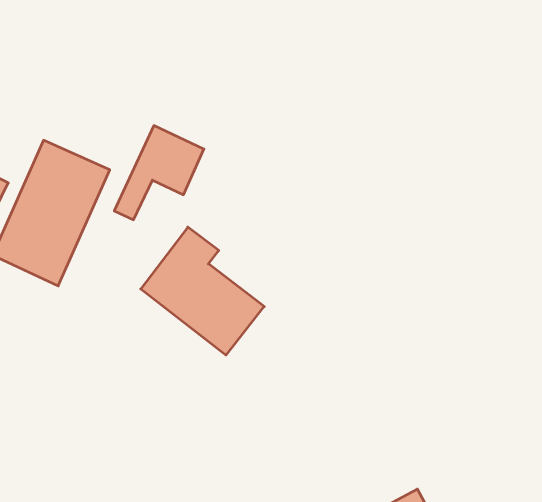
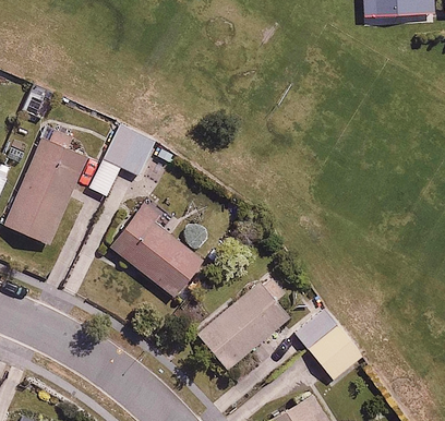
building: none -> [199,277,290,369]
building: none -> [291,304,364,380]

